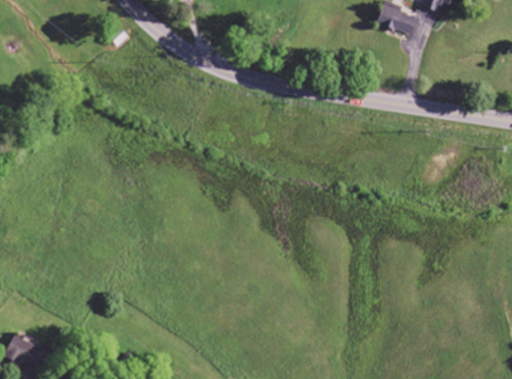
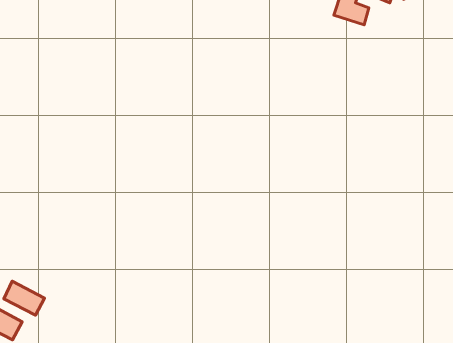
building: none -> [4,281,44,315]

